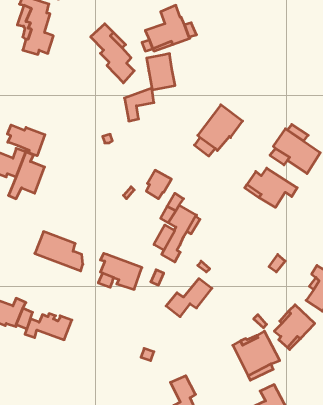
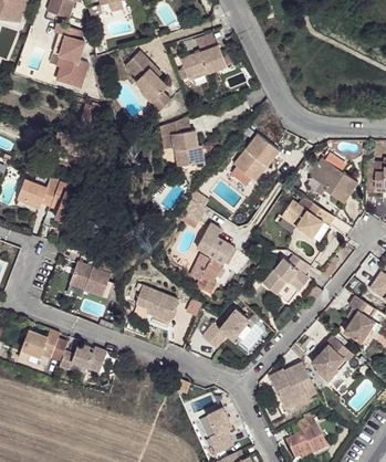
building: [147,54,175,90] -> [171,130,200,167]
building: [7,125,45,156] -> none
building: none -> [262,255,310,292]

